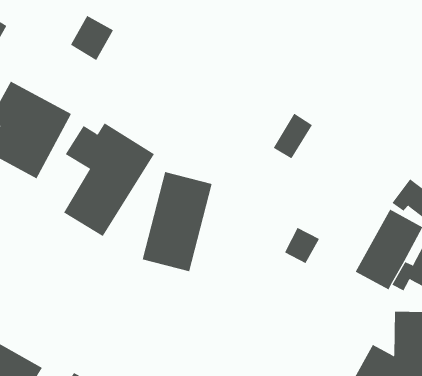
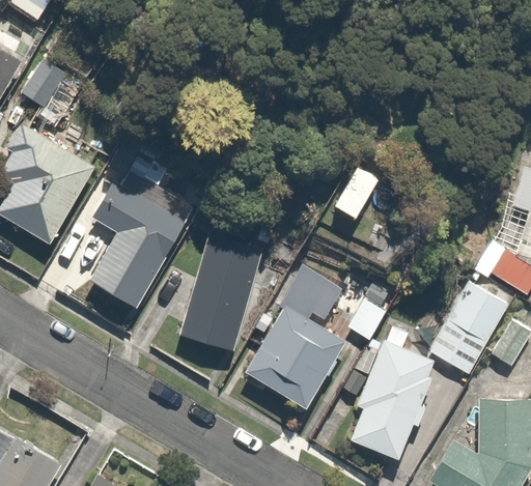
building: [70,15,114,61] -> [17,53,68,107]
building: none -> [236,262,347,411]
building: none -> [346,338,437,461]

